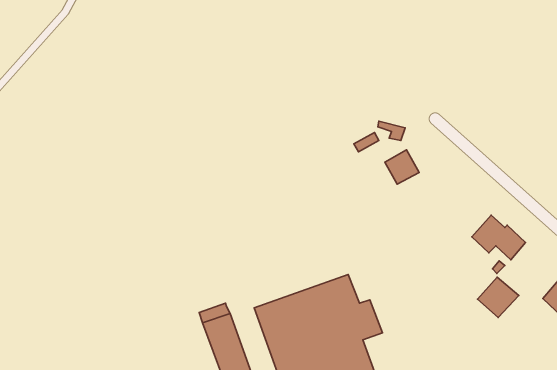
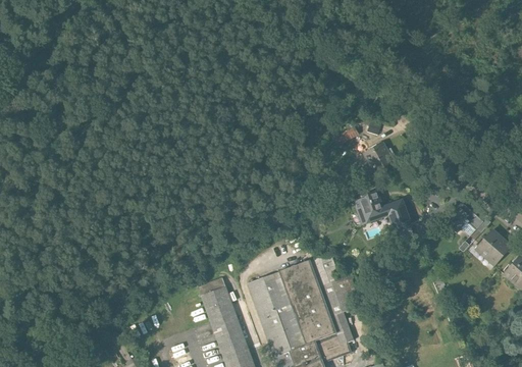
building: none -> [353,190,411,232]
building: [478,277,519,317] -> [474,229,511,265]

